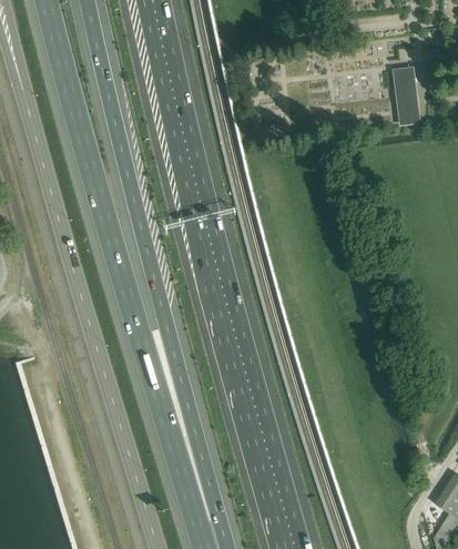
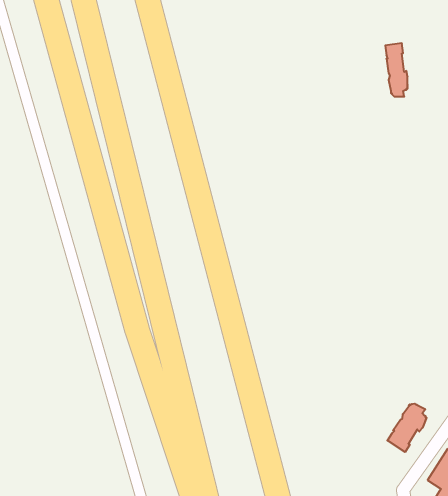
building: none -> [387,404,427,452]

